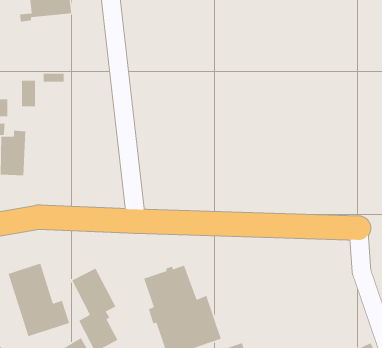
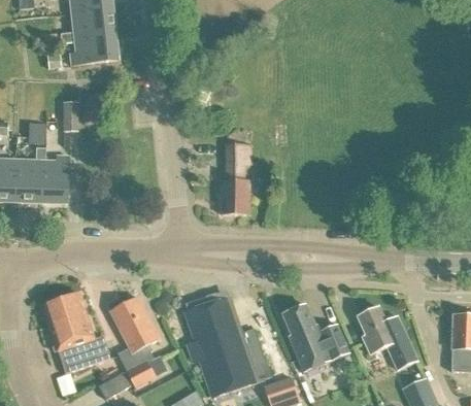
building: none -> [68,33,117,65]
building: none -> [221,144,250,212]
building: none -> [287,303,350,369]
building: none -> [361,306,418,368]

